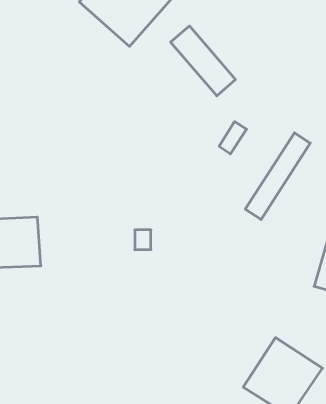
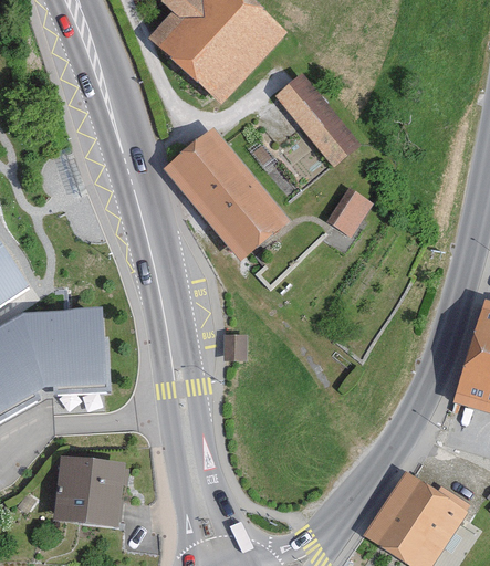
building: none -> [165,127,289,260]
building: [245,133,310,220] -> none
building: none -> [60,464,115,524]

